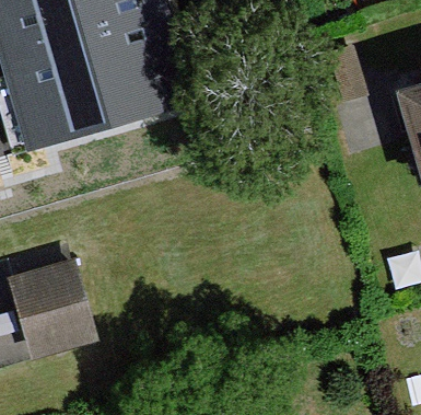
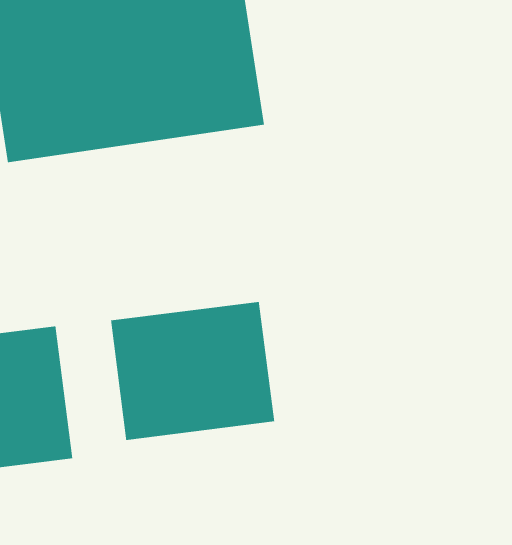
building: none -> [110,301,275,441]

